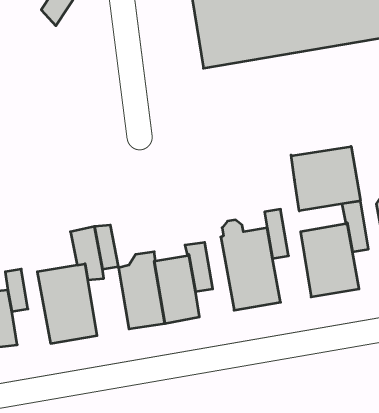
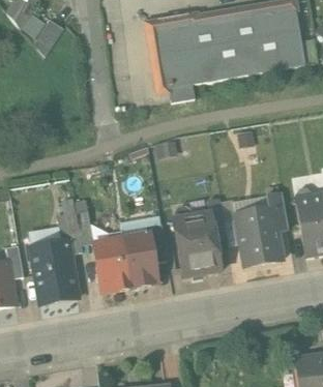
building: [291,146,360,211] -> none

